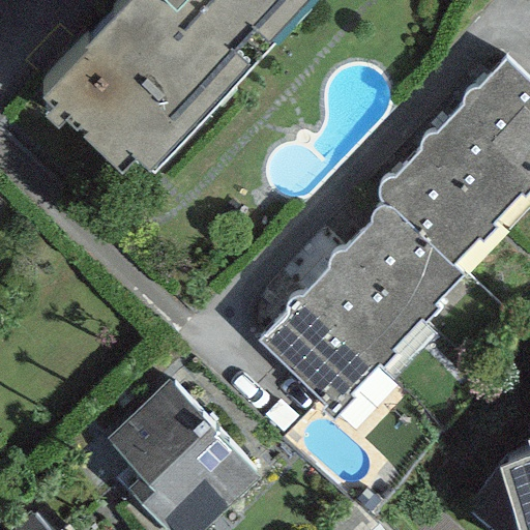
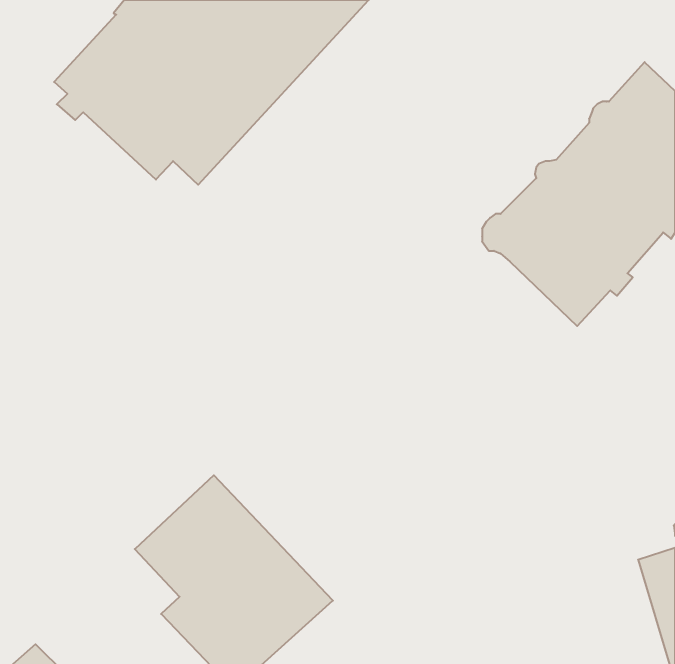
building: [259,205,463,418] -> none

